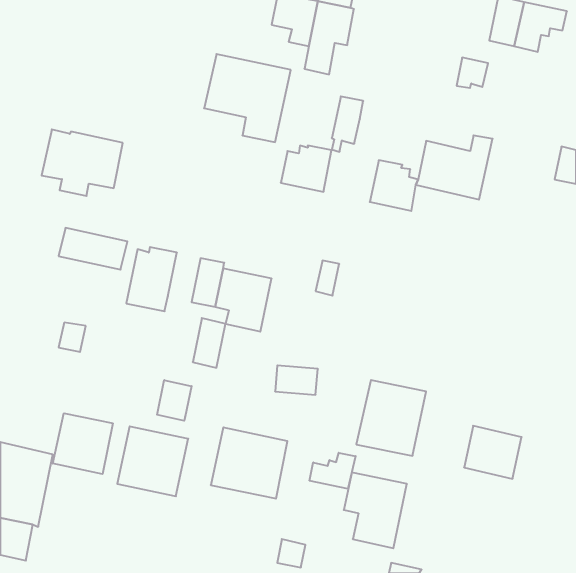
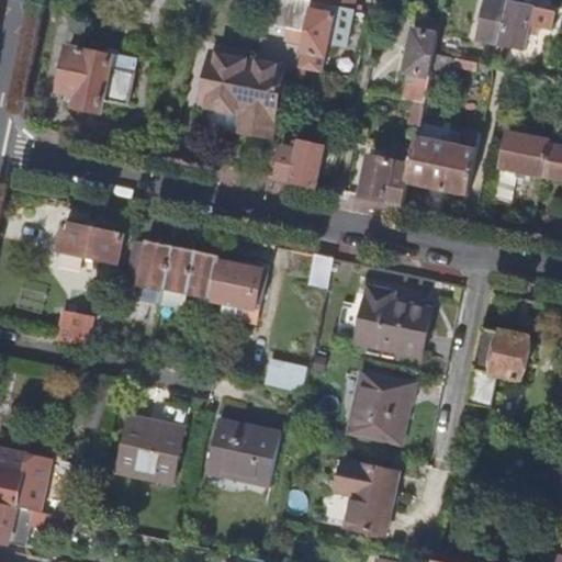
building: [332,96,363,152] -> [405,31,436,85]
building: [42,129,123,196] -> [57,47,136,112]
building: none -> [499,132,547,175]
building: none -> [356,288,430,356]
building: [193,318,225,368] -> [164,246,195,294]
building: [157,380,192,421] -> none
building: [53,413,113,474] -> none
building: [464,426,522,479] -> [476,328,532,380]
building: [310,453,356,489] -> none

